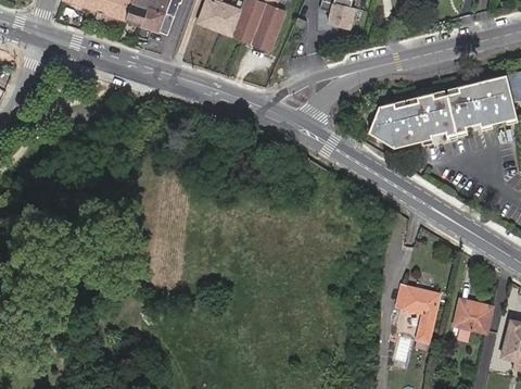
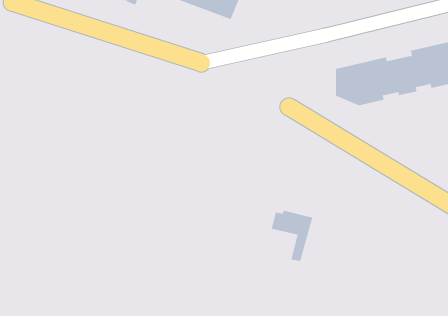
building: [396,287,441,341] -> [271,210,313,262]
building: [456,302,492,334] -> none

